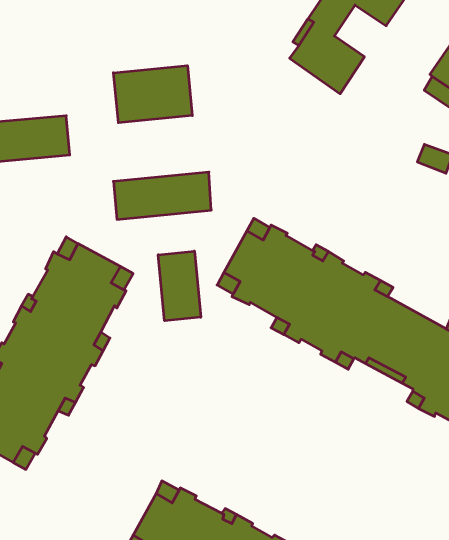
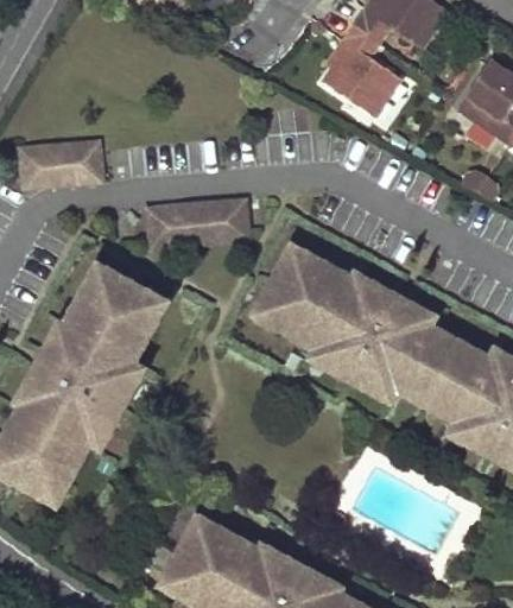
building: [113,66,192,123] -> none
building: [158,251,201,321] -> none

